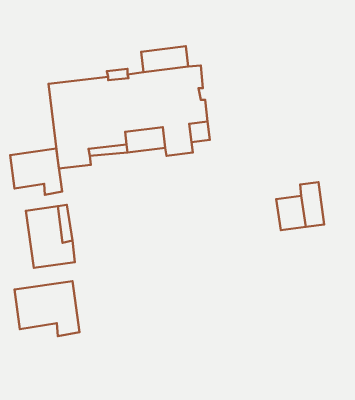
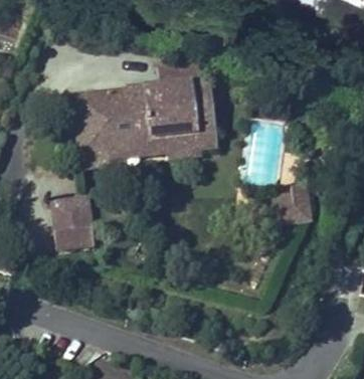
building: [10,149,62,195] -> none
building: [14,281,80,336] -> none

